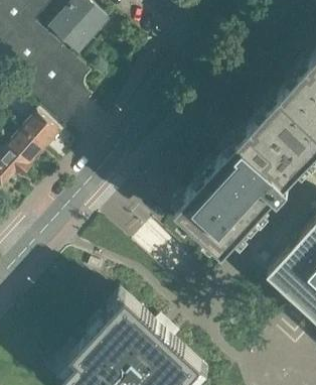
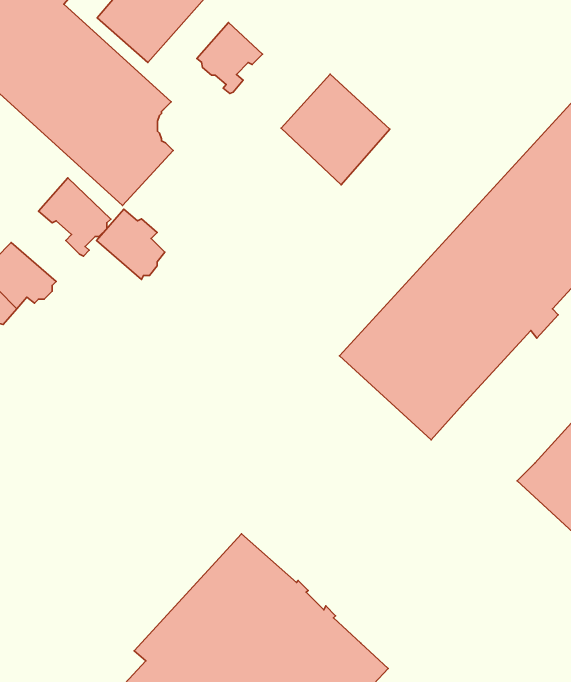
building: none -> [197,23,262,94]
building: none -> [281,74,390,185]
building: [7,133,42,169] -> [97,209,165,280]

